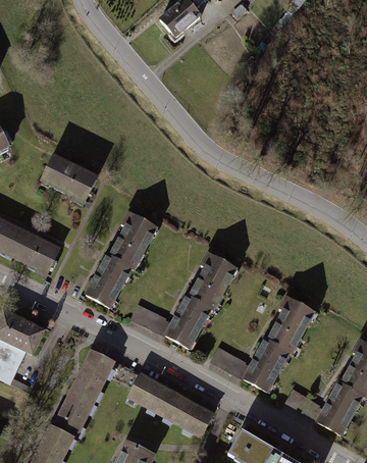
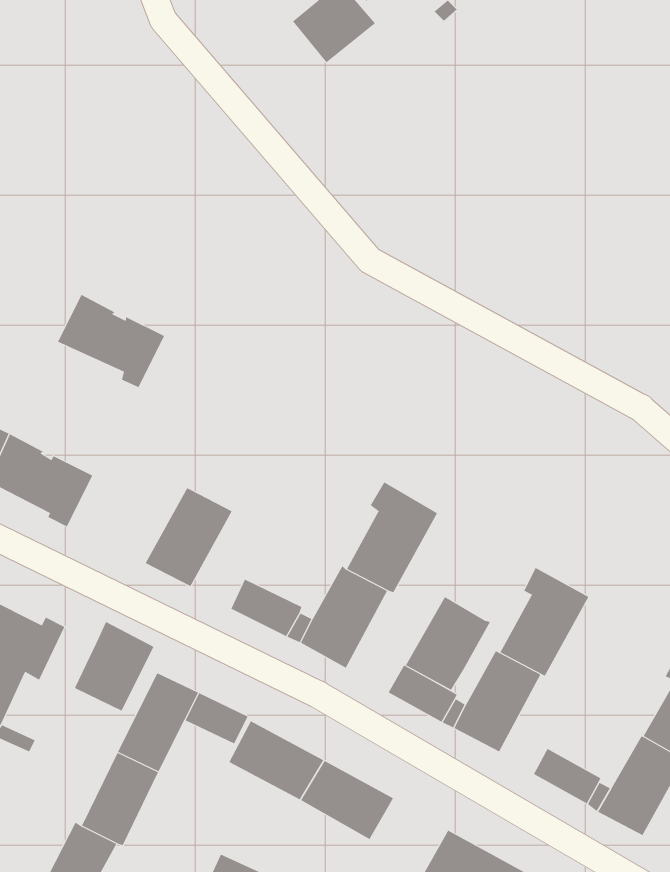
building: [109,211,156,268] -> none
building: none -> [405,596,491,690]
building: none -> [75,621,154,711]

